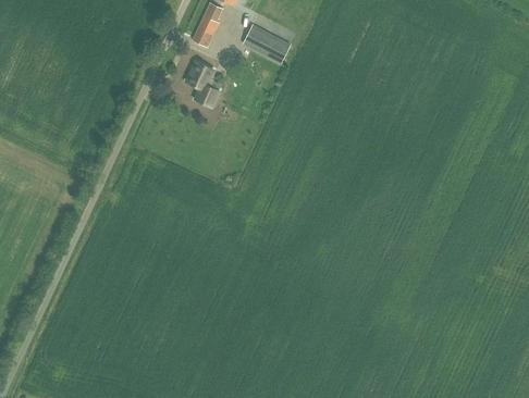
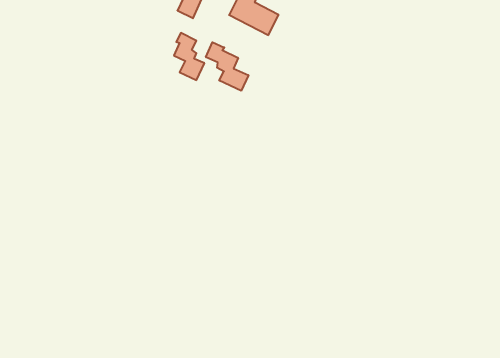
building: none -> [206,42,248,91]

